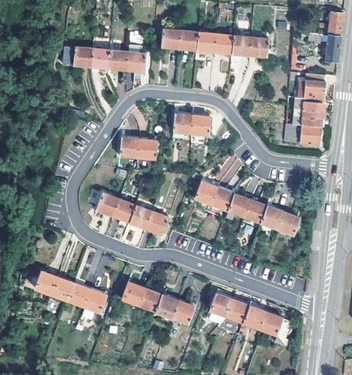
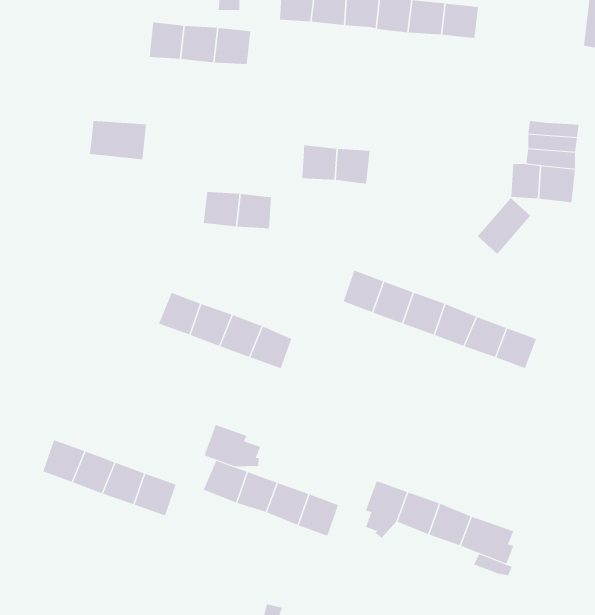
building: [63,46,94,67] -> [89,121,147,160]
building: [296,73,326,100] -> none
building: [215,154,244,185] -> [477,197,531,255]
building: none -> [204,424,261,467]

